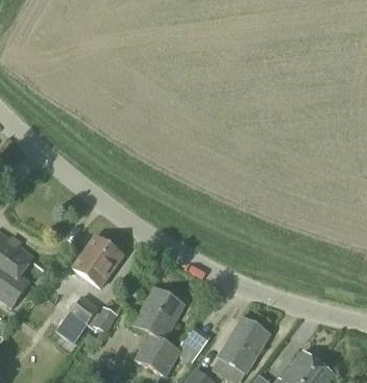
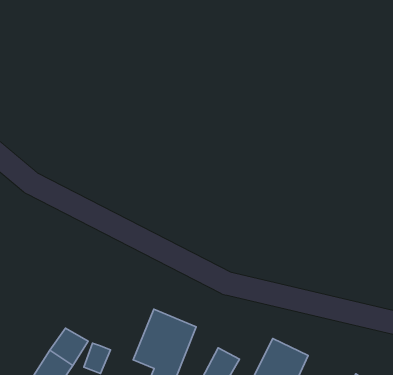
building: [73,235,123,286] -> none

